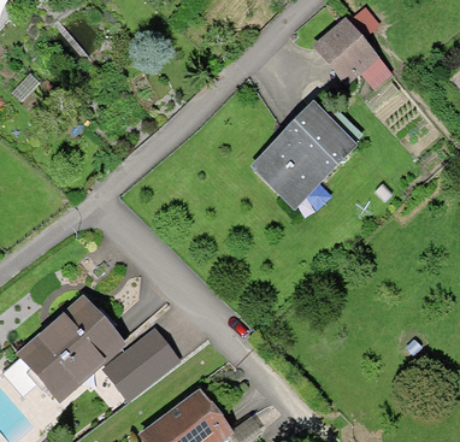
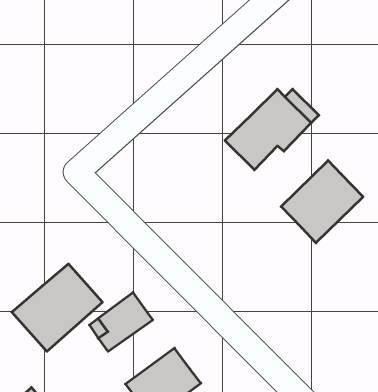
building: [322,20,378,78] -> none
building: none -> [281,160,363,243]

